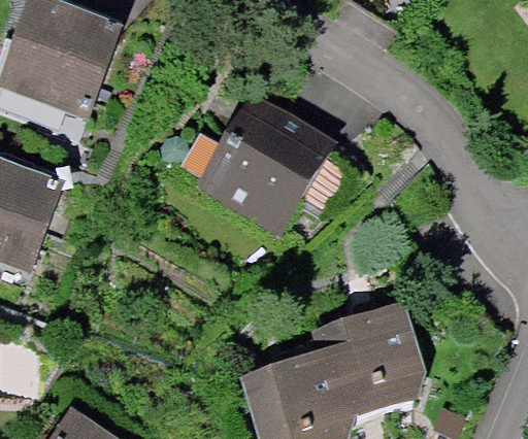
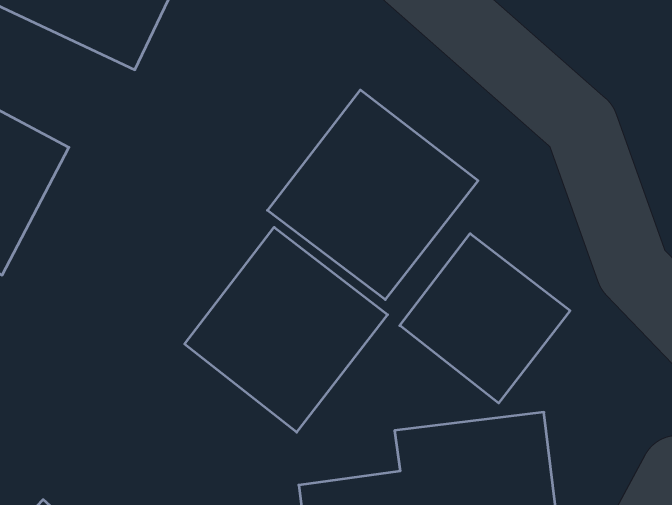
building: none -> [400,234,570,403]
building: none -> [185,227,388,432]

